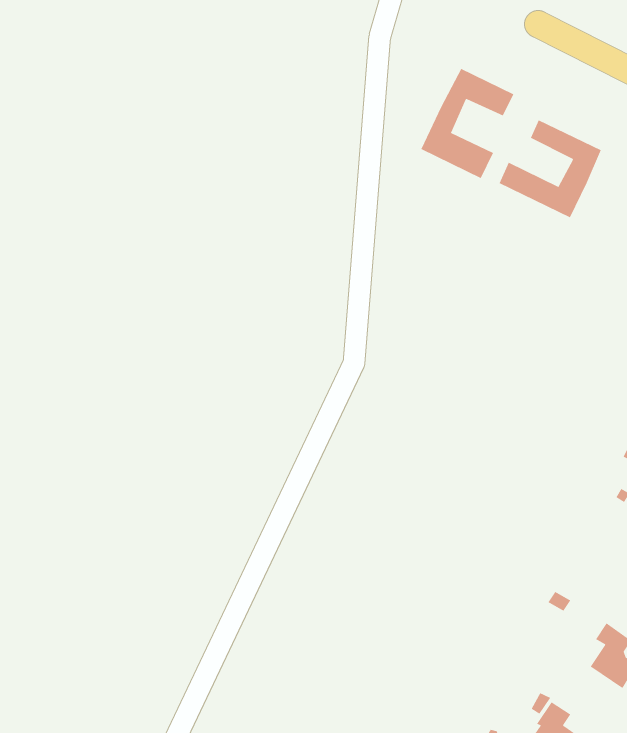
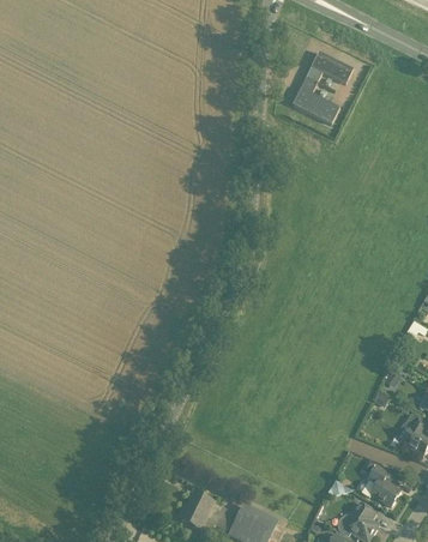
building: [499,120,601,218] -> none

